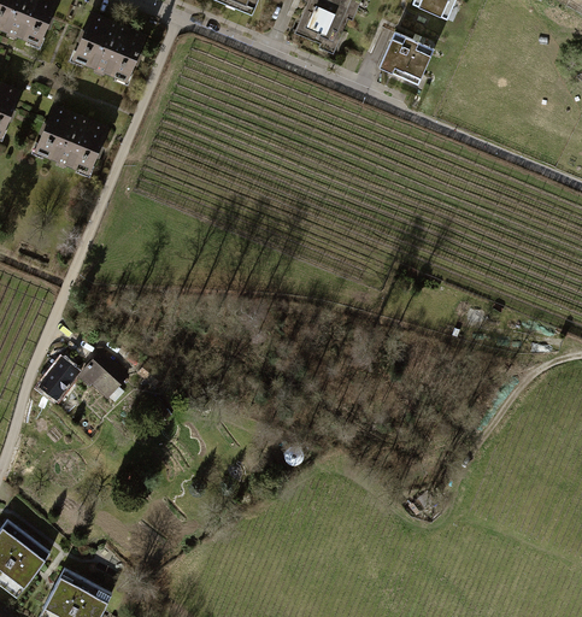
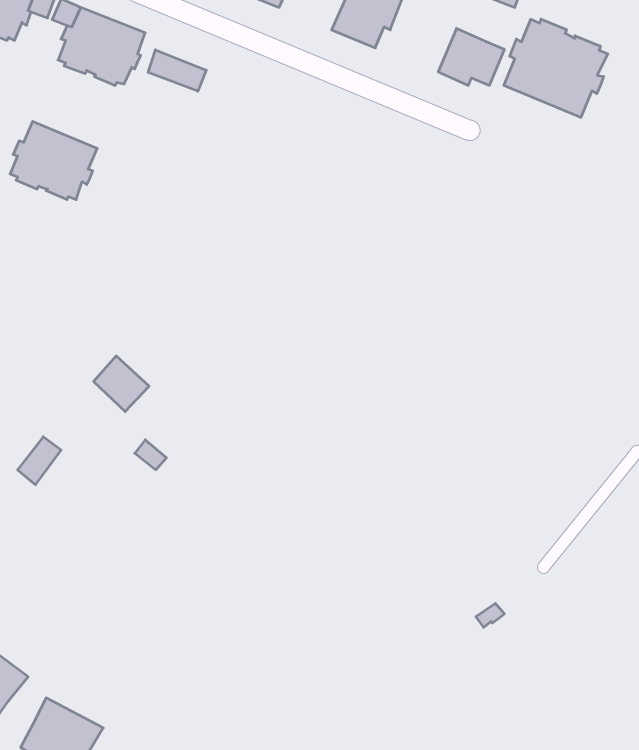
building: none -> [504,19,608,117]
building: none -> [148,50,206,91]
building: [81,353,125,398] -> [94,356,149,412]

